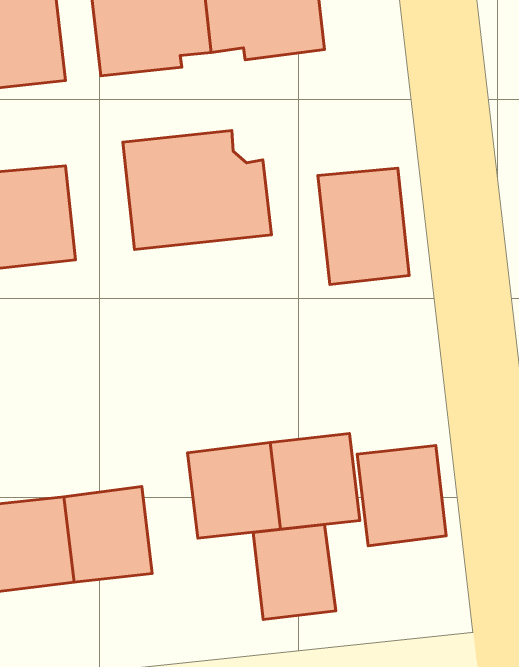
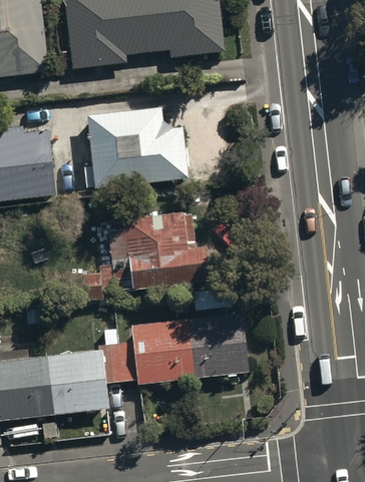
building: [318,168,409,285] -> none
building: none -> [77,209,210,302]
building: [357,445,446,546] -> none
building: [253,524,336,619] -> none

